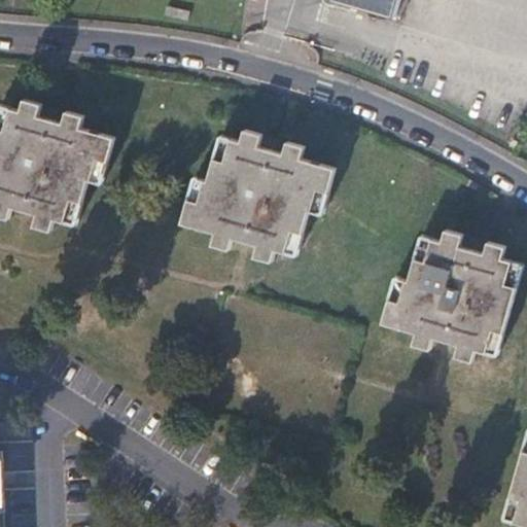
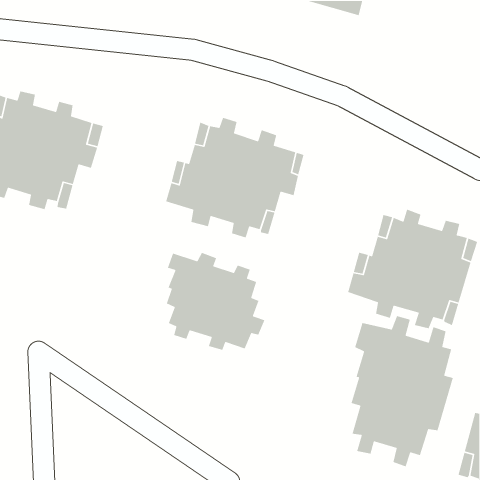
building: none -> [166,252,265,351]
building: none -> [351,315,454,467]

